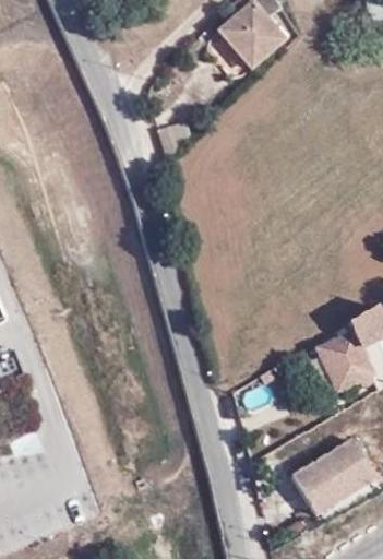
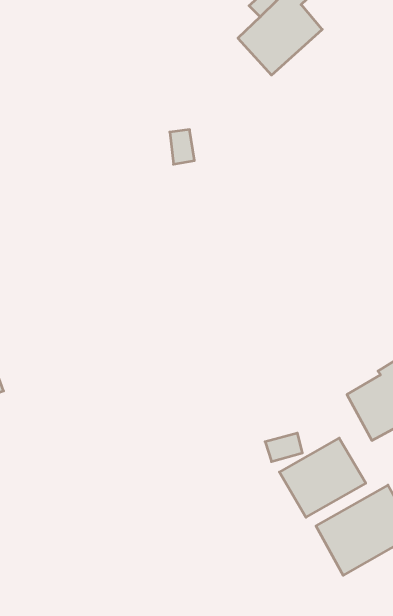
building: none -> [279,438,366,517]

